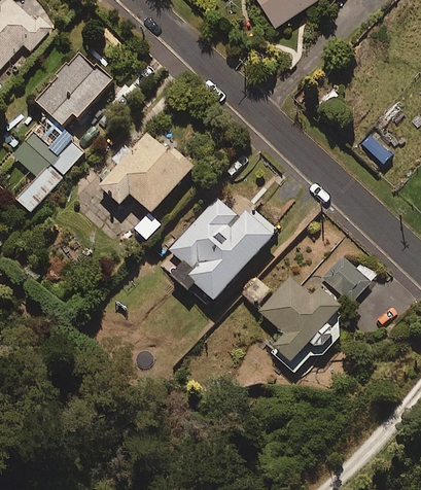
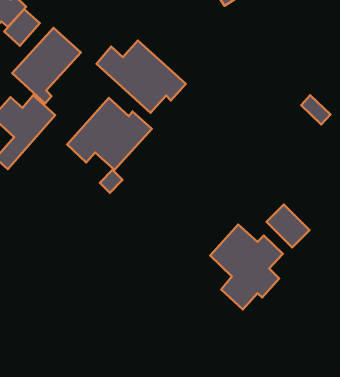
building: none -> [4,9,40,46]
building: none -> [96,41,186,113]
building: [169,196,272,302] -> none

